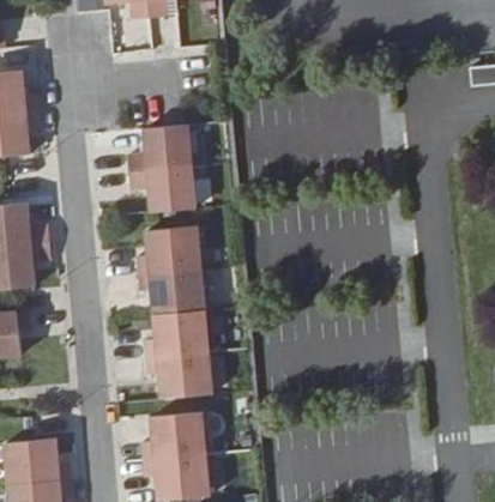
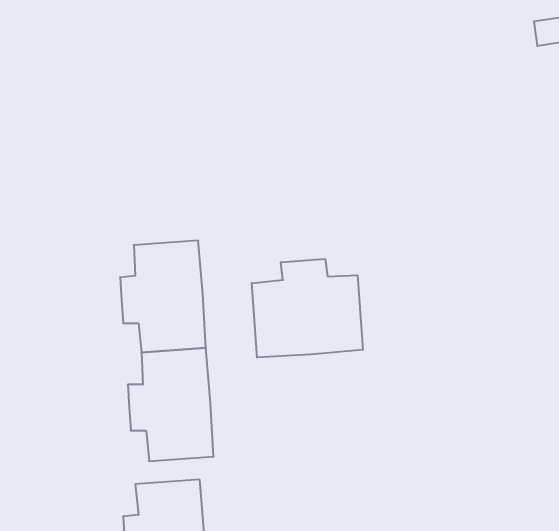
building: [137,125,204,213] -> none
building: none -> [252,259,363,358]

